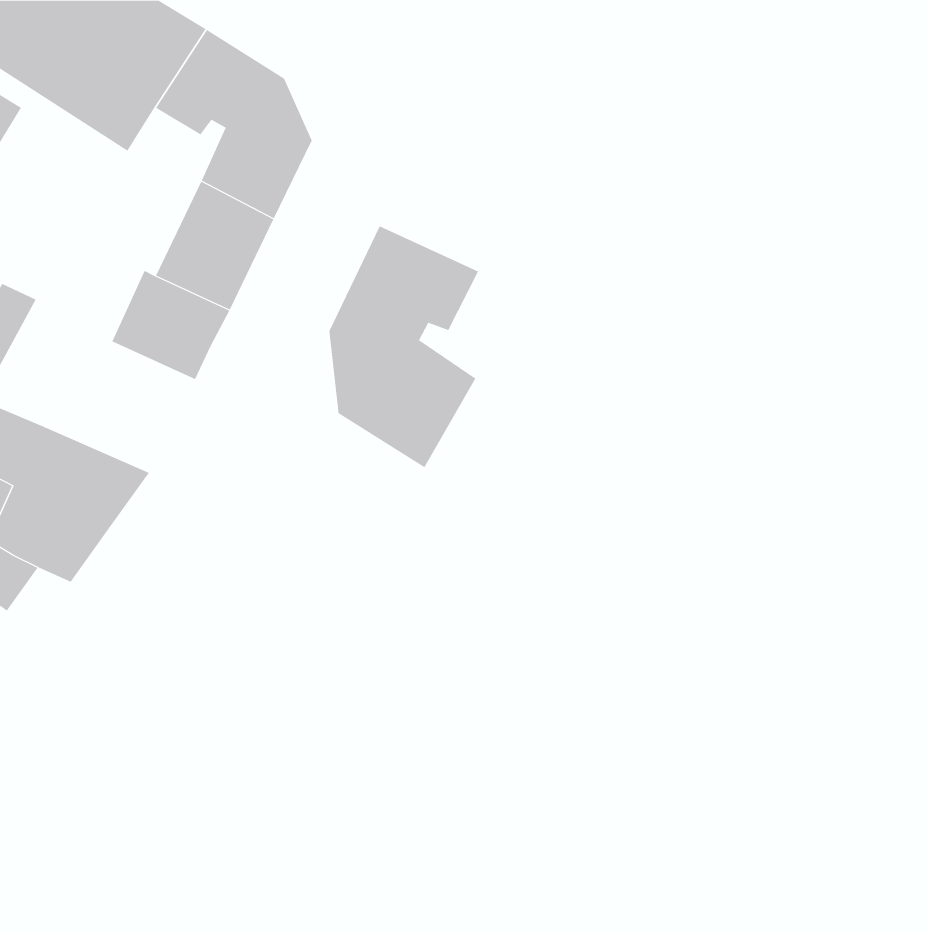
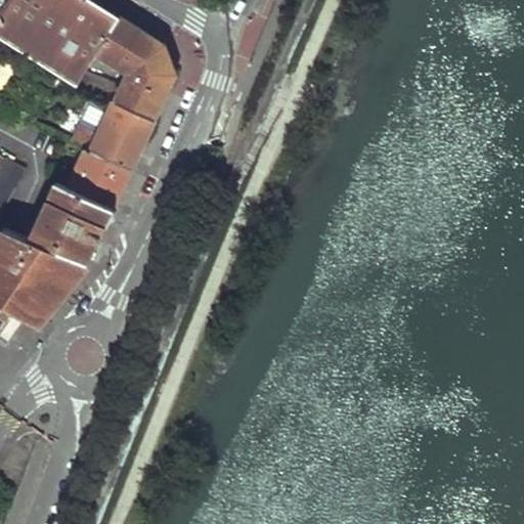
building: [329,225,479,468] -> none
building: none -> [26,186,110,265]

